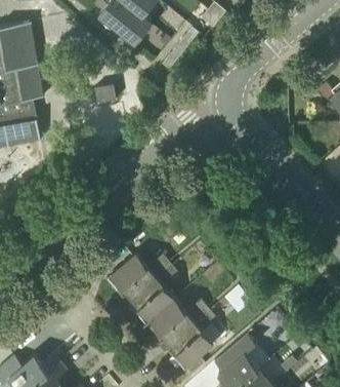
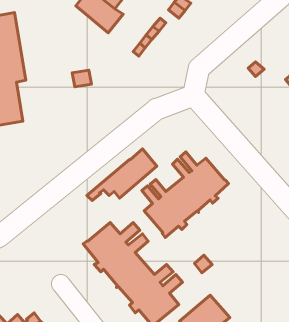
building: none -> [87,149,157,200]
building: none -> [142,152,229,237]

